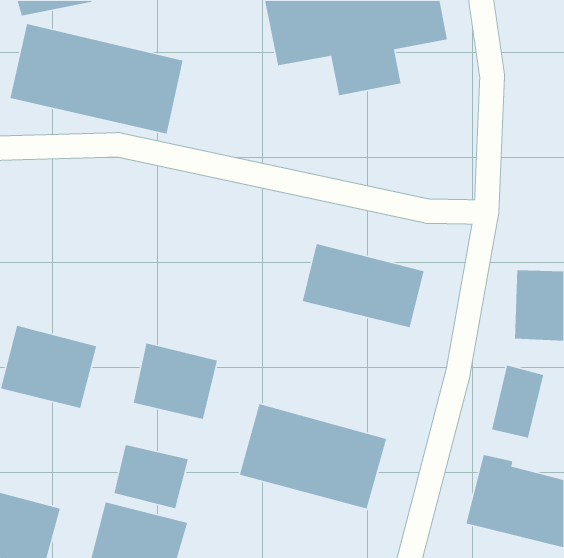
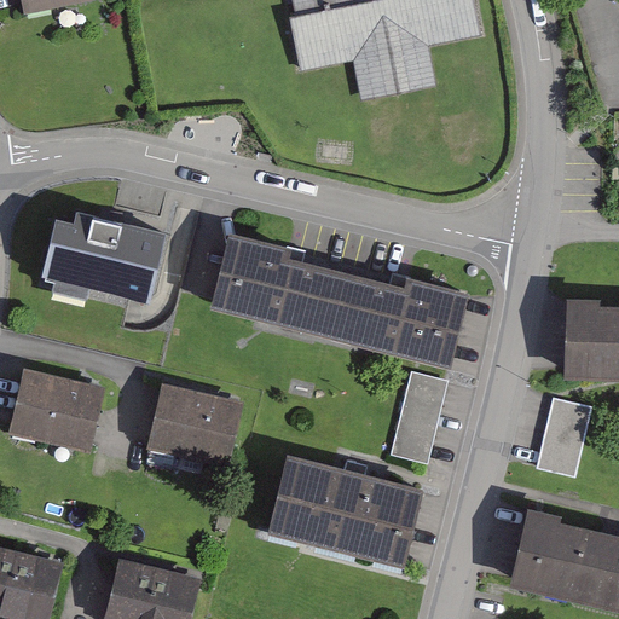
building: [9,23,184,134] -> none
building: none -> [39,208,164,297]
building: none -> [214,244,346,337]
building: none -> [391,378,447,467]
building: [113,444,189,509] -> none

